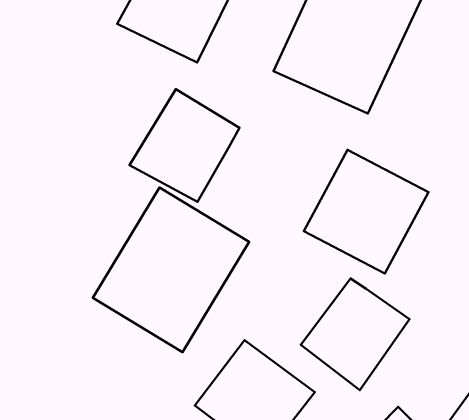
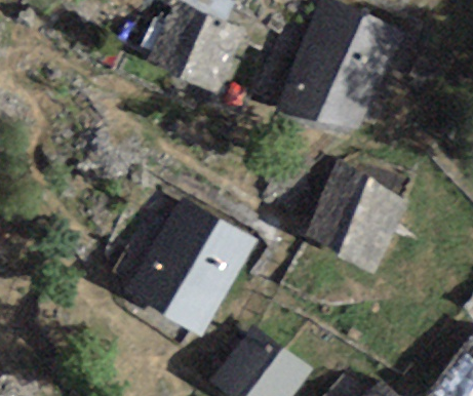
building: [129,89,239,202] -> none
building: [301,278,409,390] -> none

